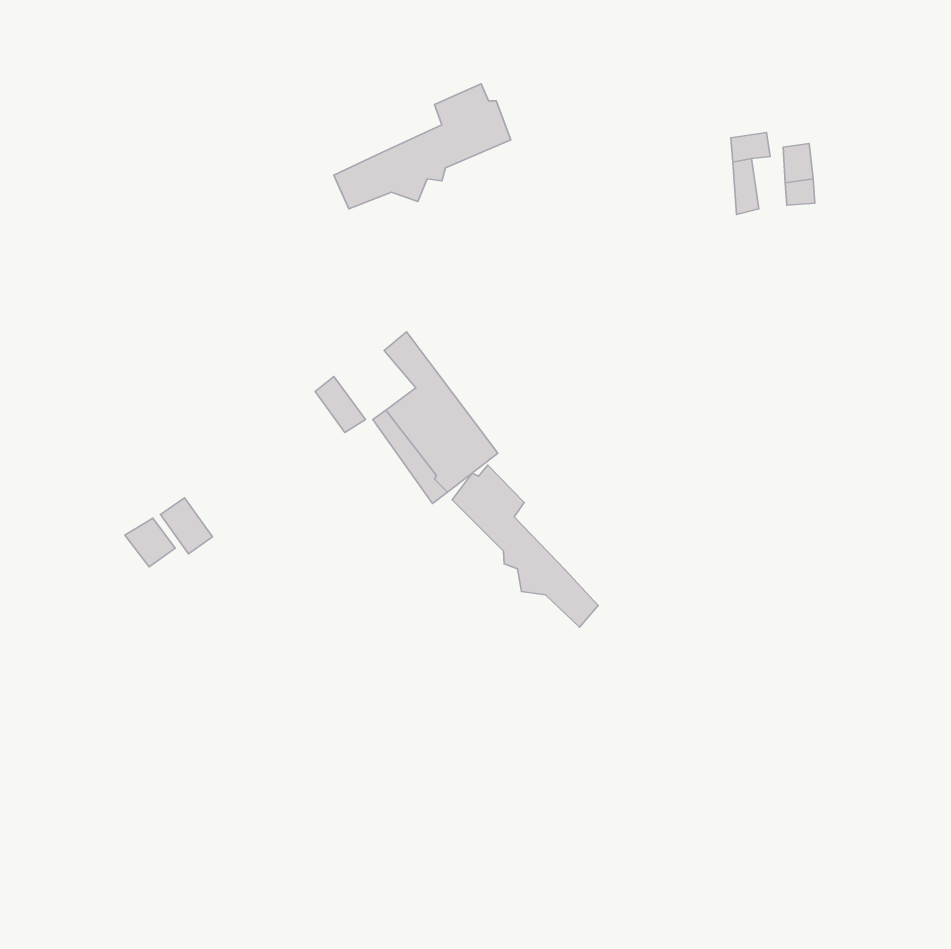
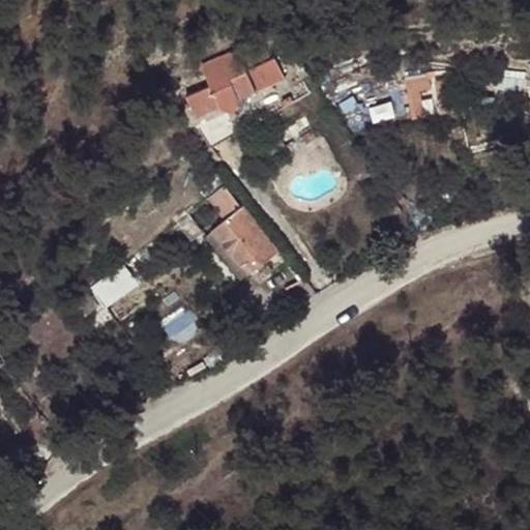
building: none -> [200,52,245,88]
building: [452,465,598,627] -> none

